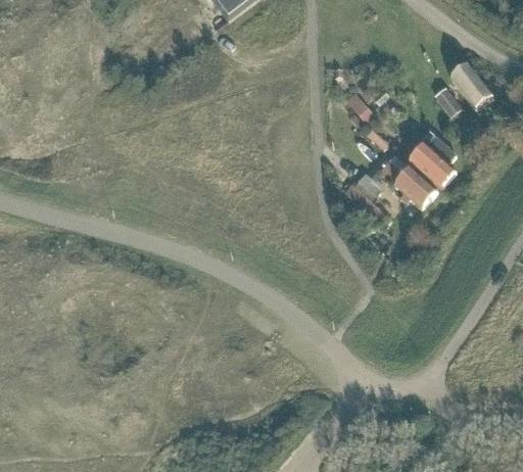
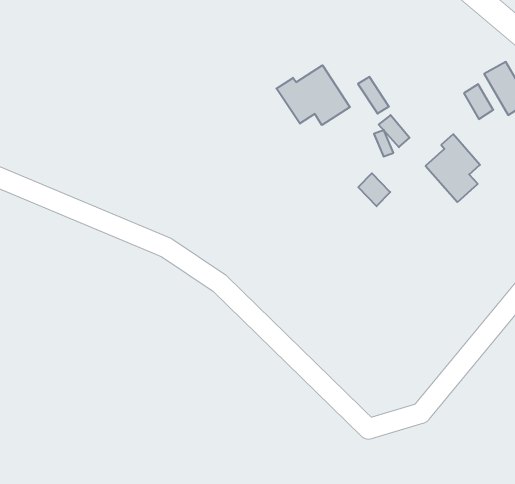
building: none -> [276,65,350,125]
building: [377,158,436,206] -> none

